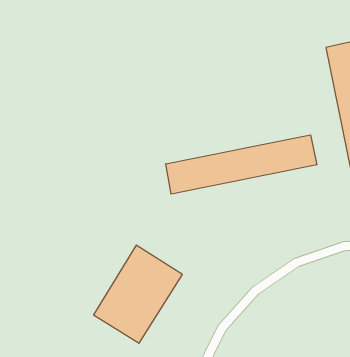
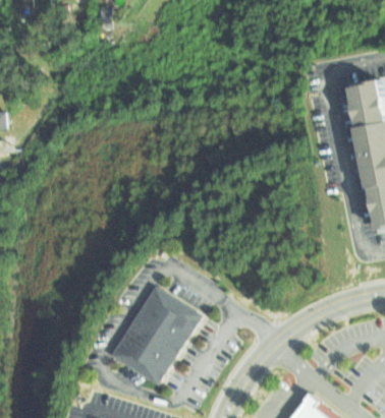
building: [166,135,317,194] -> none

